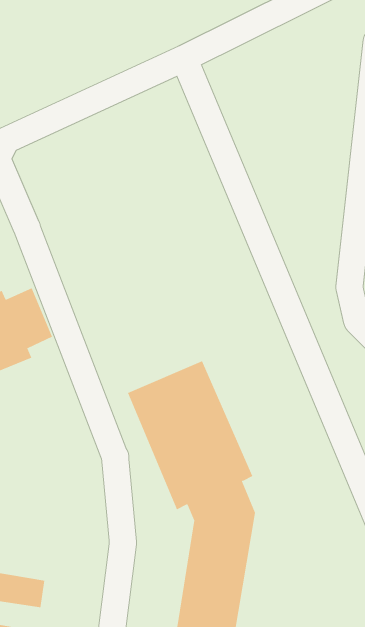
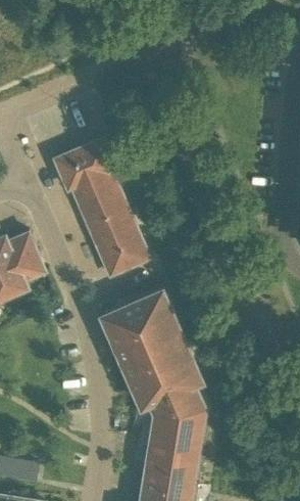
building: none -> [53,138,148,276]

